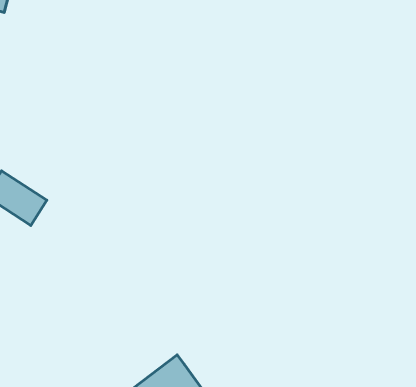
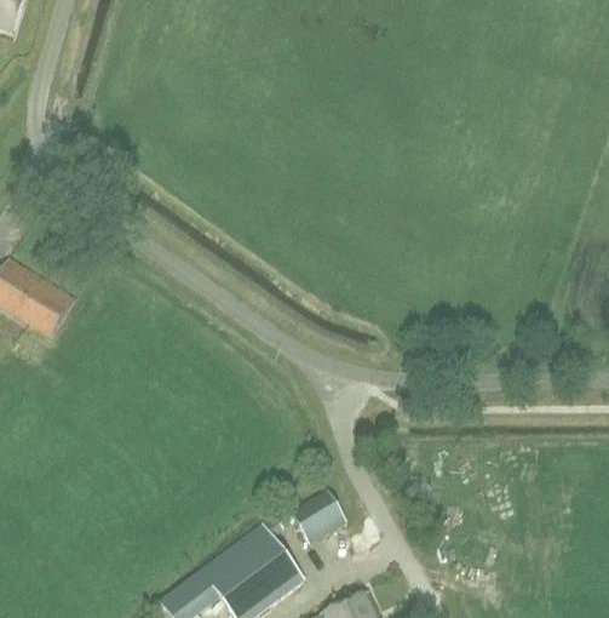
building: none -> [289,492,345,545]

